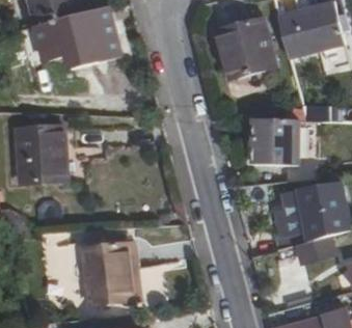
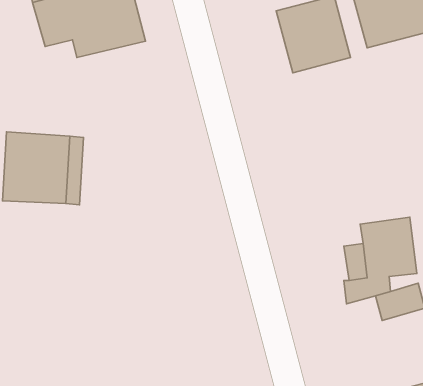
building: [250,118,316,169] -> none
building: [77,239,131,299] -> none

